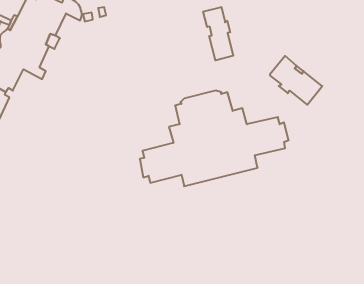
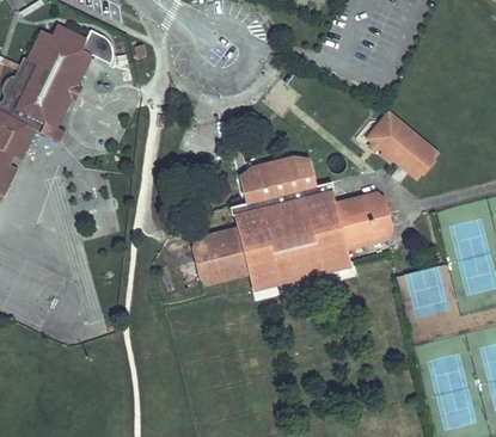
building: [203,7,233,60] -> none

